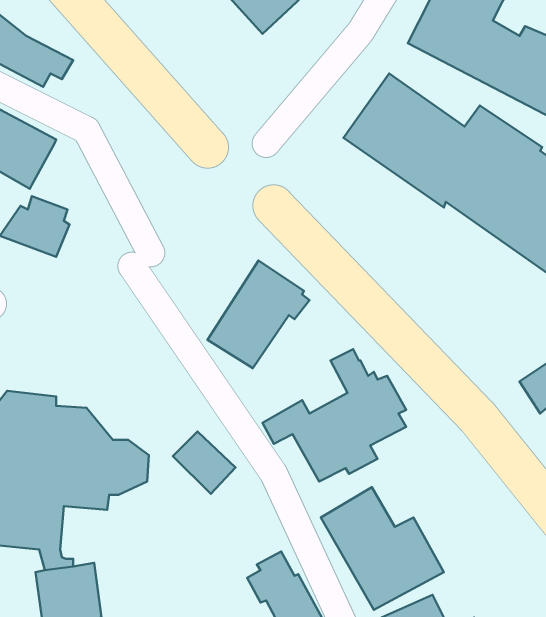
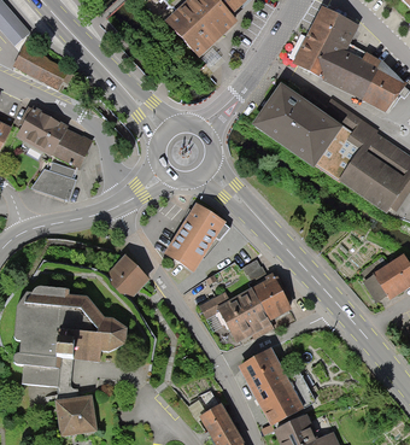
building: none -> [52,128,93,169]
building: [173,431,235,494] -> [107,257,147,297]

